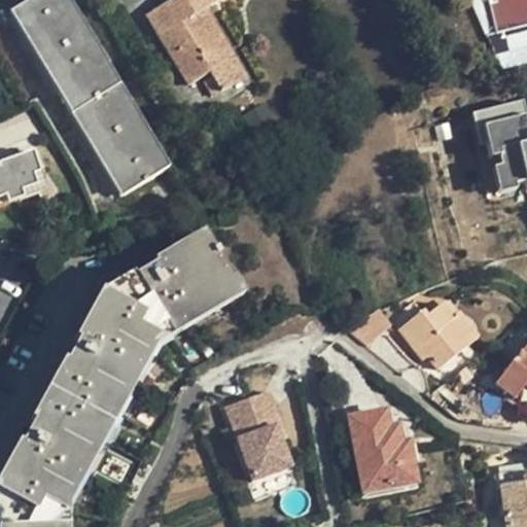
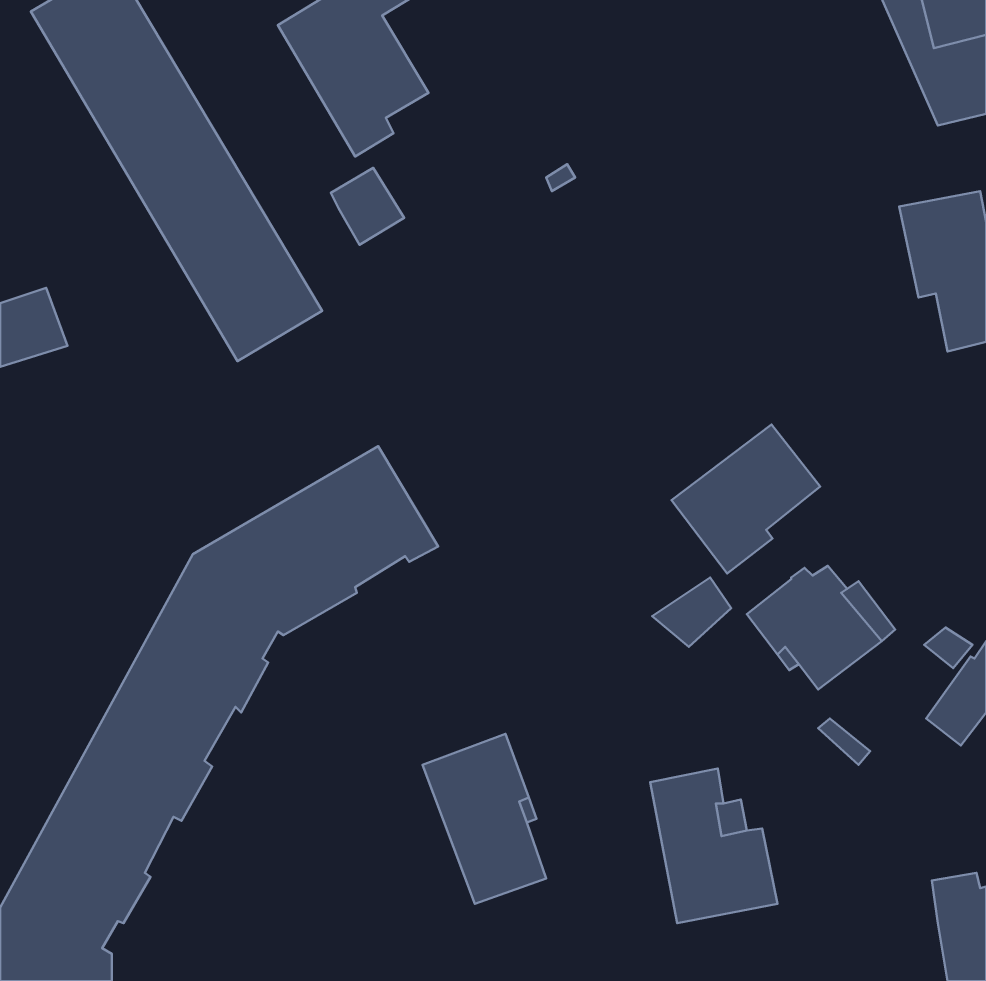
building: [206,49,245,91] -> [331,168,404,245]
building: none -> [672,425,820,574]

